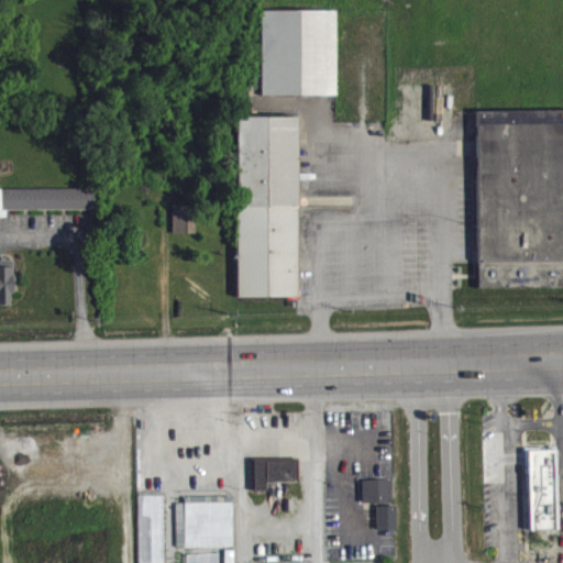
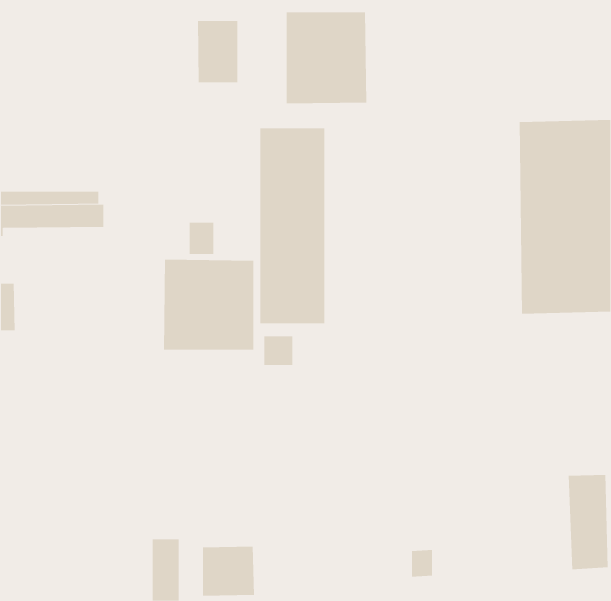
building: none -> [197,20,238,83]
building: none -> [163,259,254,350]
building: none -> [264,336,293,366]
building: [255,461,300,492] -> none
building: [363,479,394,504] -> none

